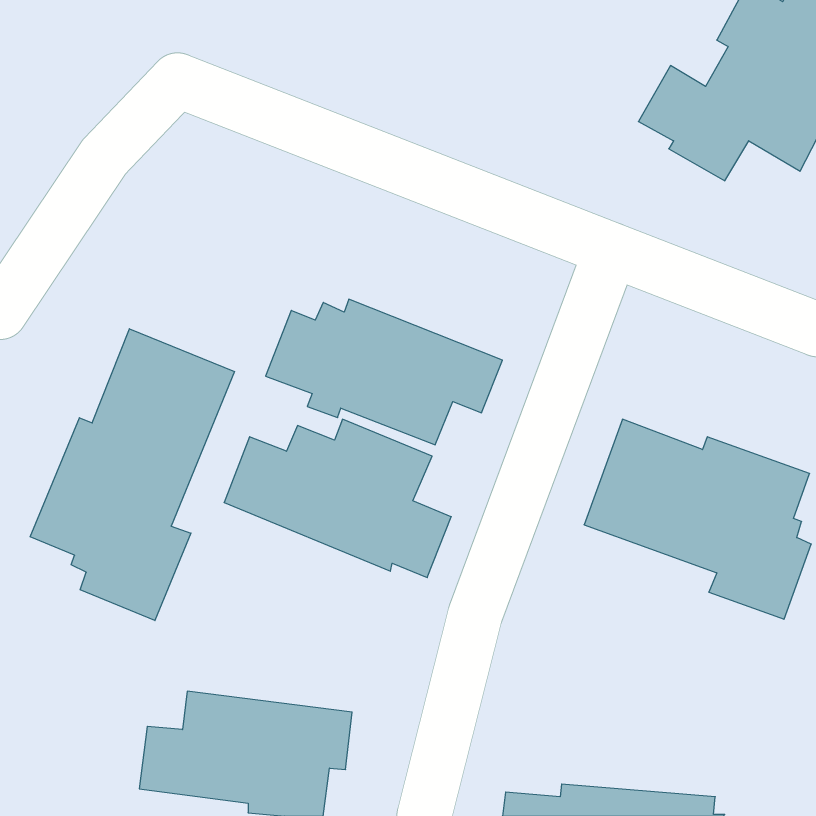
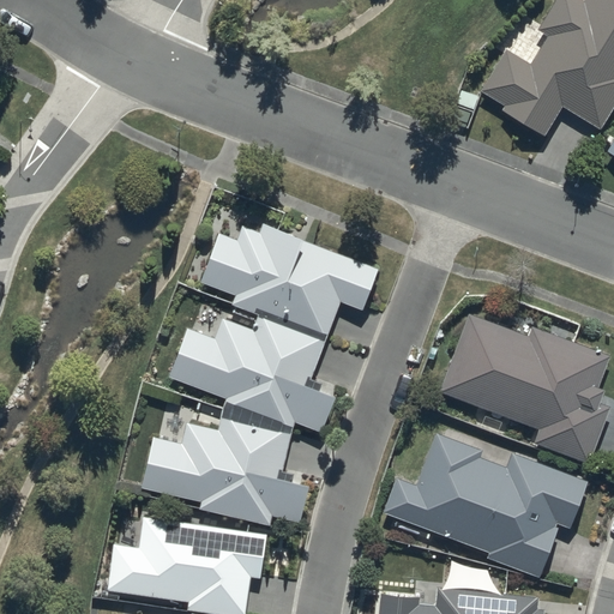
building: [30,329,235,621] -> none
building: none -> [142,417,307,525]
building: none -> [383,433,586,578]

